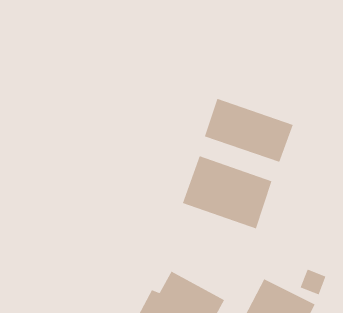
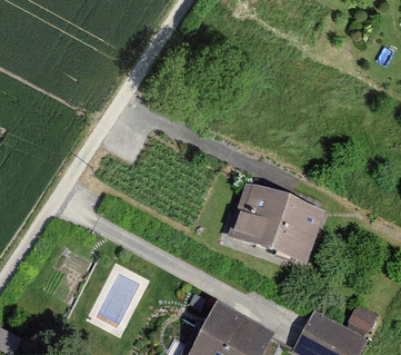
building: [204,98,294,163] -> none

